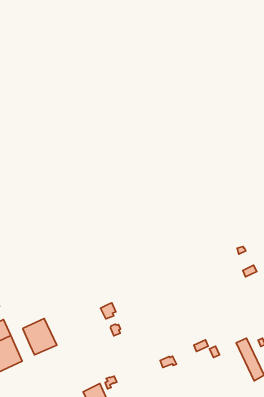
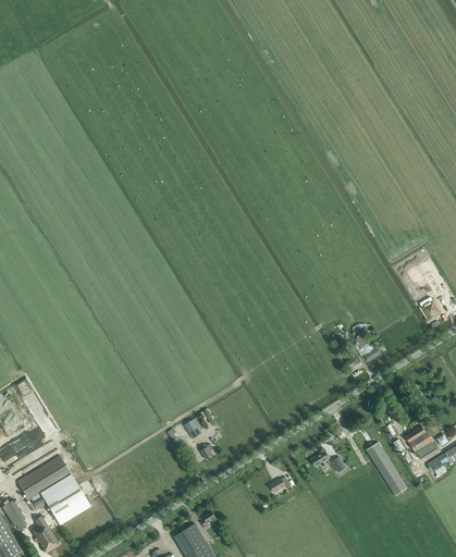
building: [23,319,57,355] -> none

